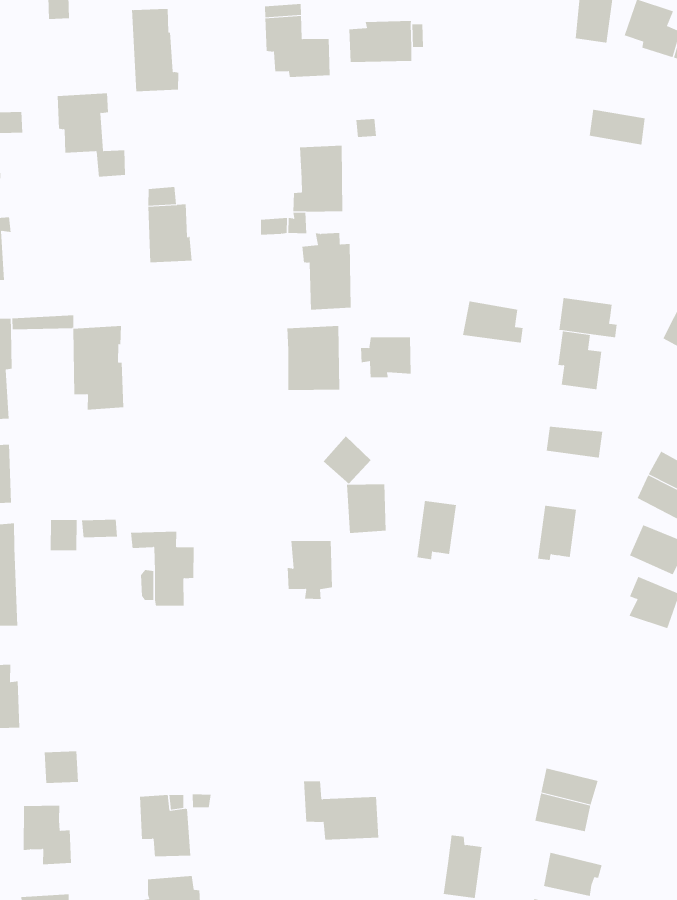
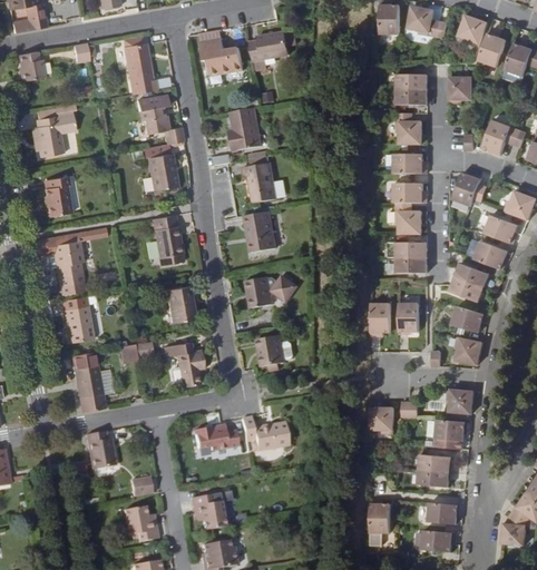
building: [57,93,126,177] -> [138,98,184,147]
building: none -> [396,86,427,101]
building: none -> [396,109,421,141]
building: [462,301,523,343] -> [392,150,427,170]
building: [73,326,124,410] -> [150,216,186,267]
building: [361,336,411,378] -> none
building: none -> [396,239,427,255]
building: none -> [167,287,196,324]
building: [346,484,387,534] -> [244,279,271,311]
building: [416,500,457,560] -> [371,301,390,334]
building: none -> [448,385,475,411]
building: none -> [371,405,393,431]
building: none -> [198,433,241,455]
building: none -> [435,416,468,438]
building: [303,781,379,840] -> [242,419,290,452]

